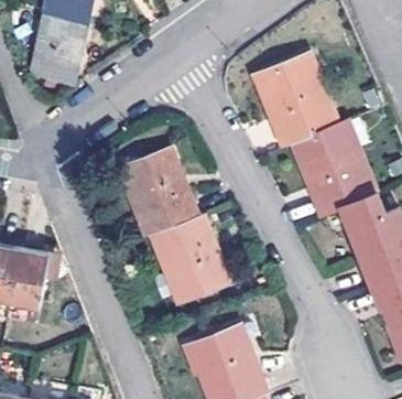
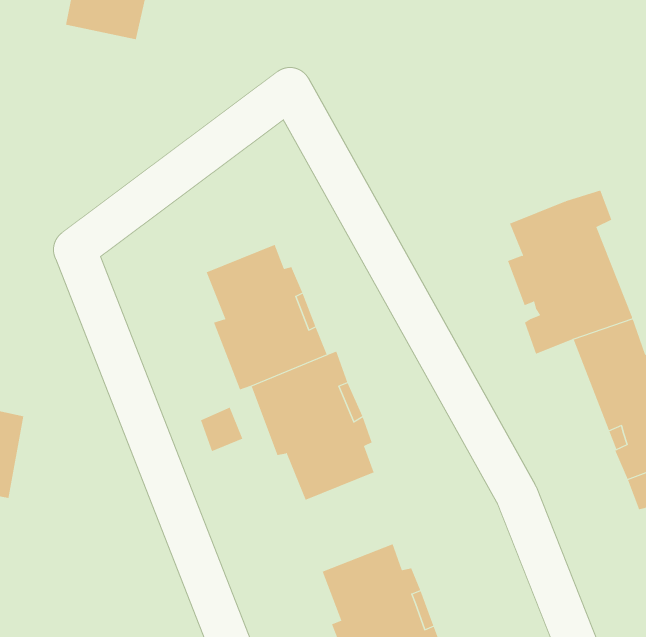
building: [31,22,84,84] -> none
building: [264,58,336,148] -> none
building: [9,252,52,306] -> none

